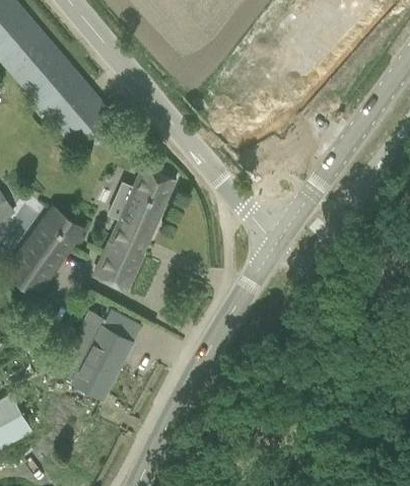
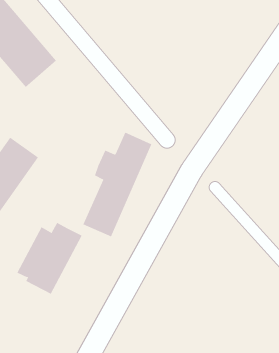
building: [92,162,178,291] -> [82,132,152,237]

